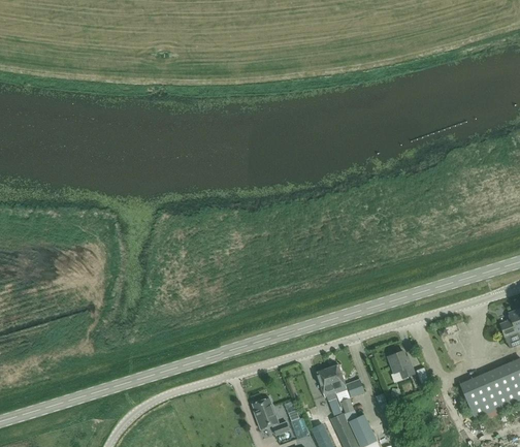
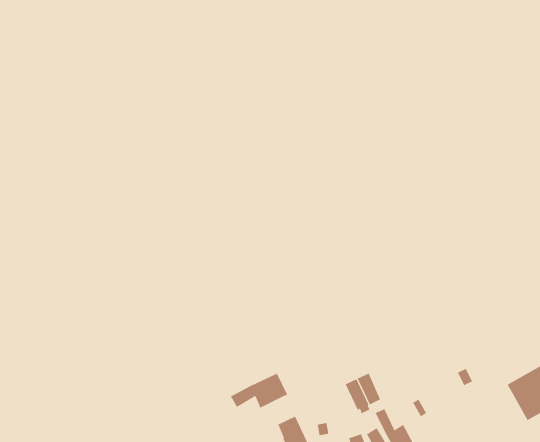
building: [388,350,415,378] -> none
building: none -> [230,373,288,408]

